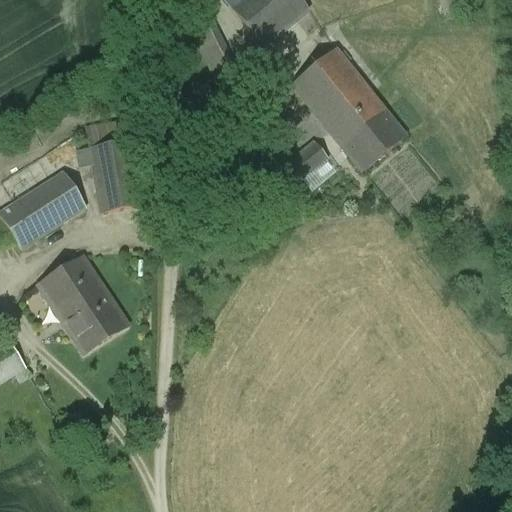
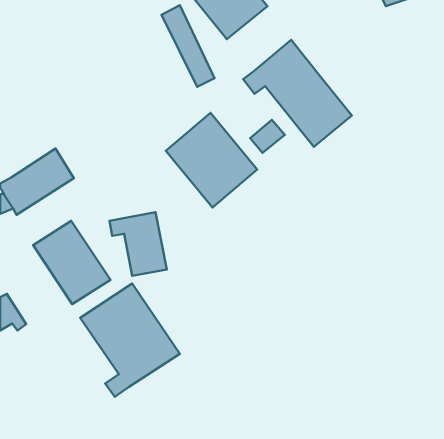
building: none -> [166,113,257,208]
building: [75,137,141,210] -> [109,212,167,276]
building: none -> [80,284,180,397]

